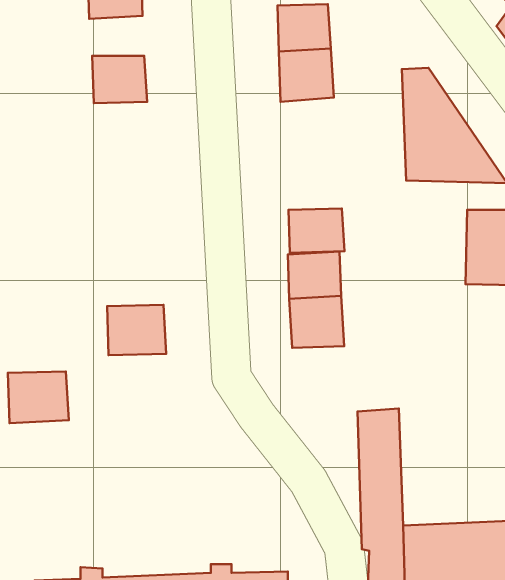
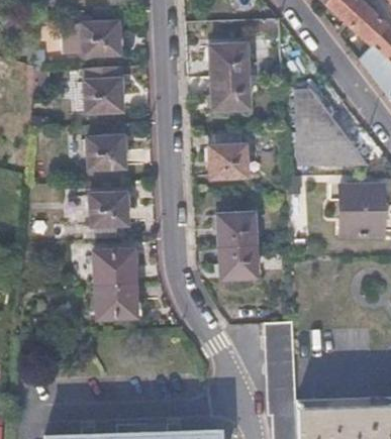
building: none -> [87,135,124,167]
building: [288,208,345,253] -> [204,145,242,176]
building: none -> [91,193,127,224]
building: [8,371,69,423] -> [96,282,137,317]

